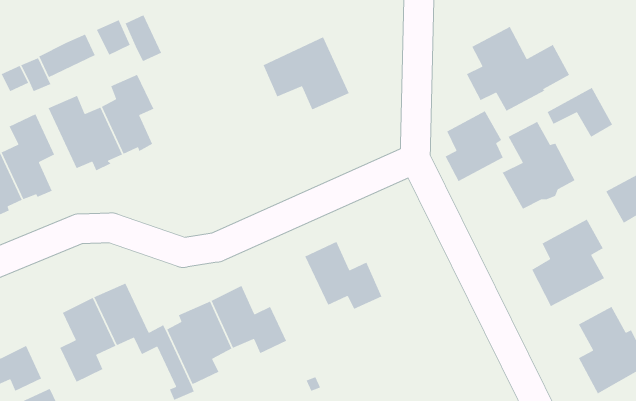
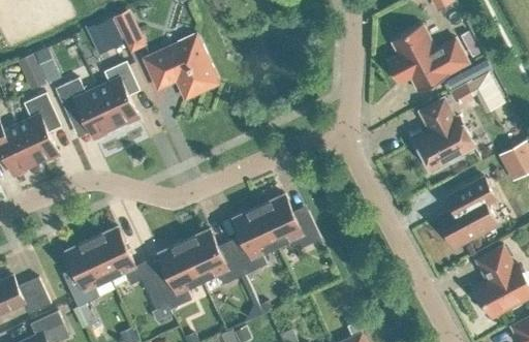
building: [38,34,96,78] -> none
building: [262,36,350,111] -> [147,37,216,96]
building: [444,110,504,182] -> none
building: none -> [231,207,277,274]

